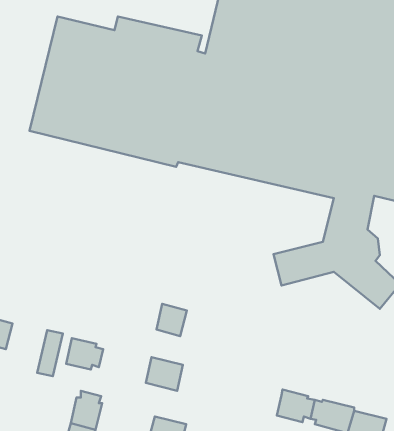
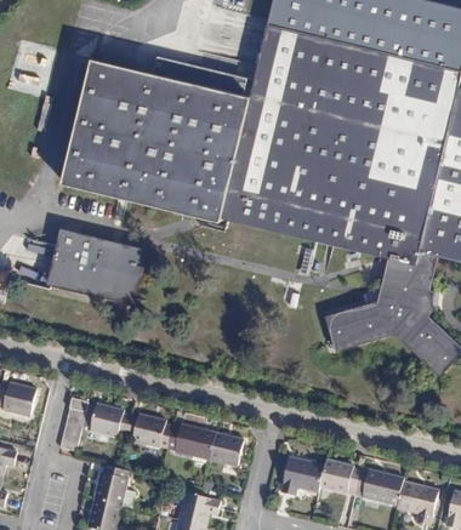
building: none -> [45,228,148,303]
building: [157,304,187,336] -> [217,435,250,471]
building: none -> [132,416,172,451]
building: none -> [289,460,330,497]

